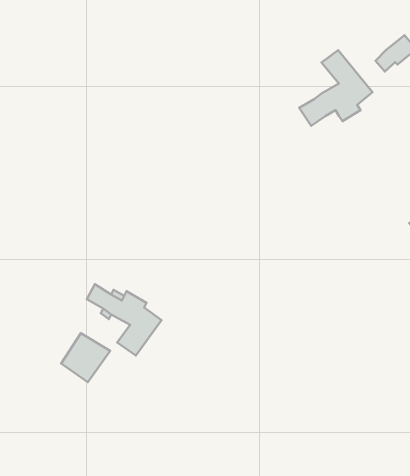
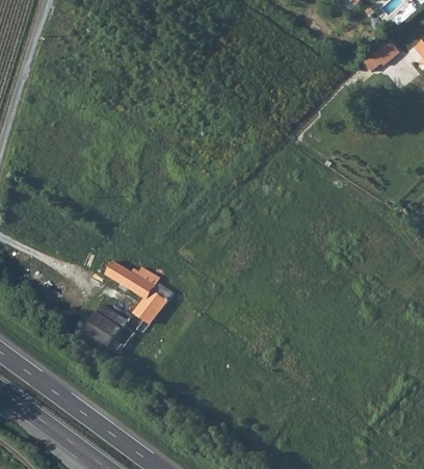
building: [299,50,373,126] -> none

